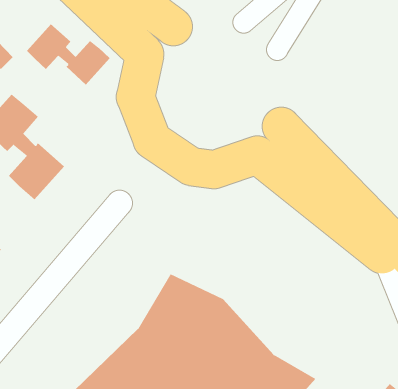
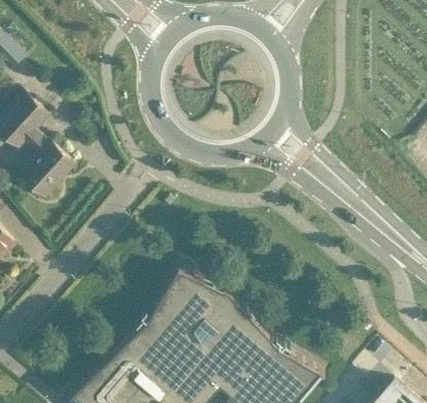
building: [26,24,110,85] -> none

